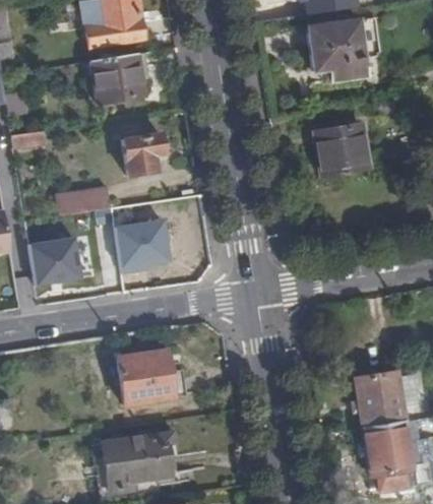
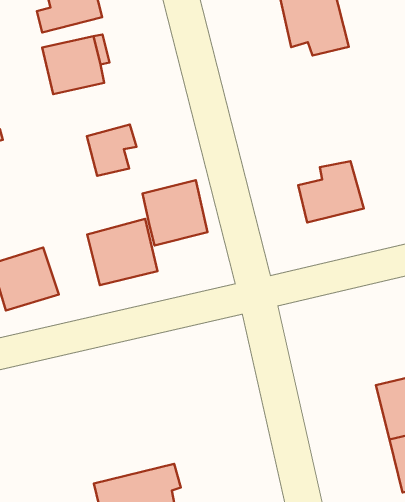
building: [312,126,368,177] -> [298,161,364,223]
building: none -> [143,180,207,245]
building: [53,186,107,218] -> none
building: [119,351,175,404] -> none

